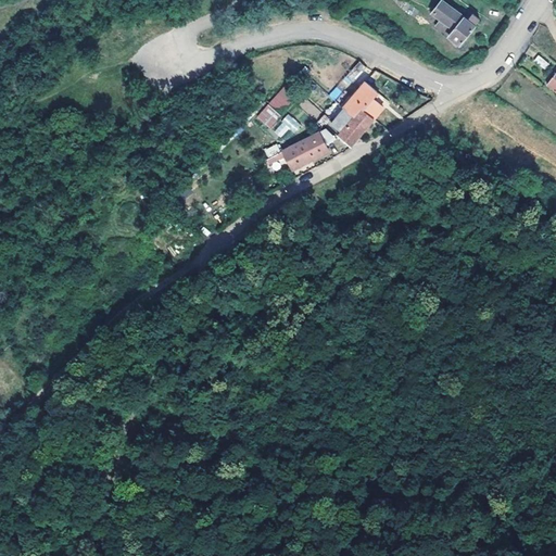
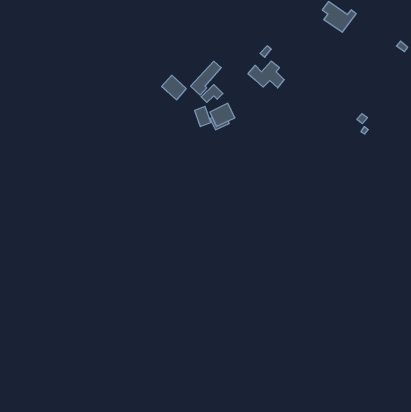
building: none -> [162,75,186,100]
building: [330,108,374,147] -> none
building: [306,128,336,159] -> none

